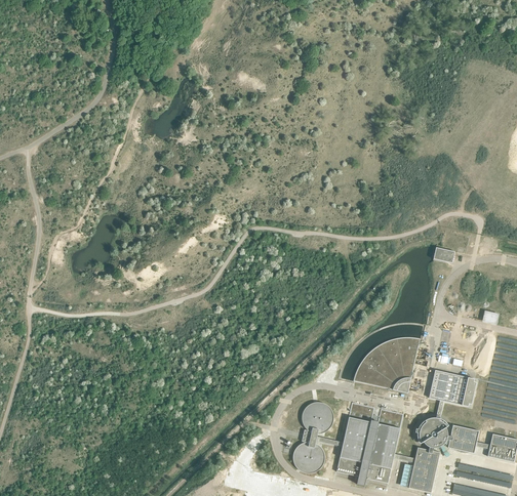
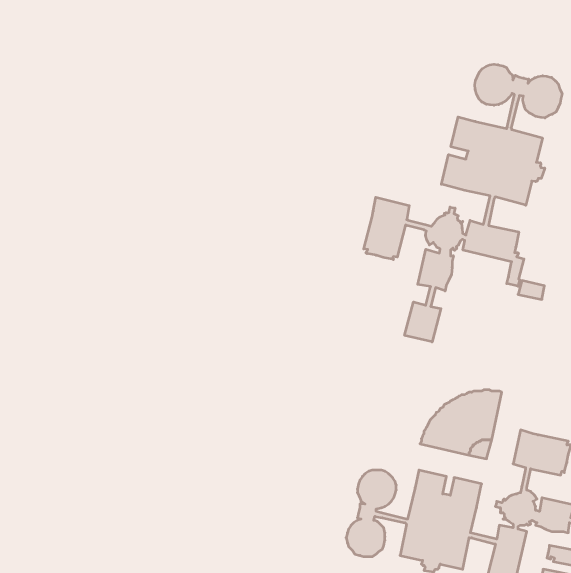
building: none -> [364,64,562,342]

